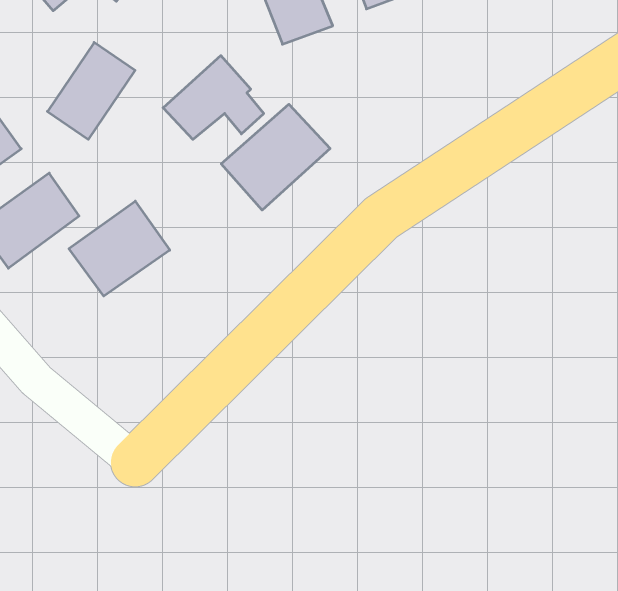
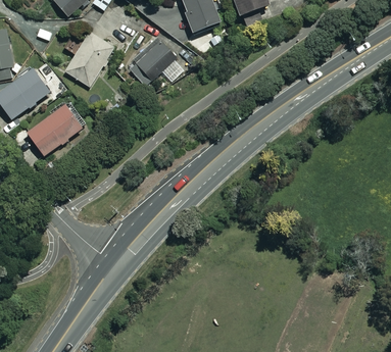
building: [221,104,330,210] -> none
building: [69,201,170,296] -> none

